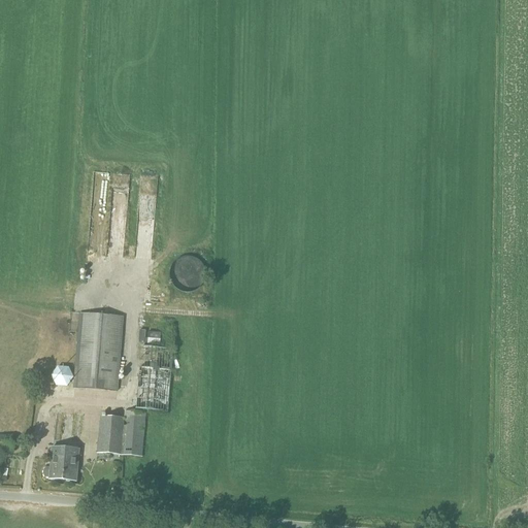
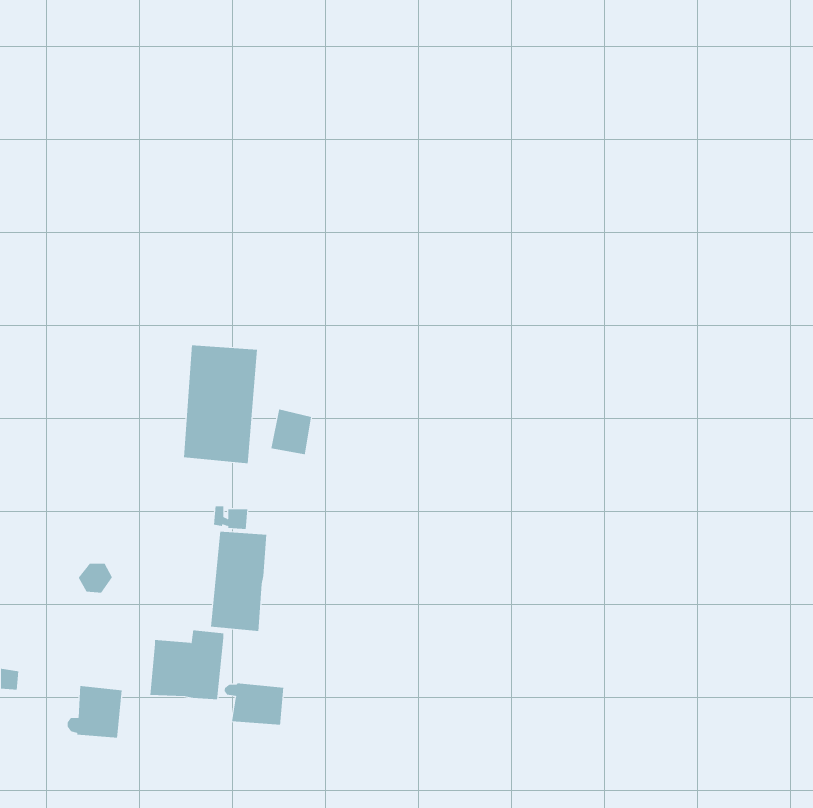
building: [75,311,124,389] -> [183,345,258,464]
building: none -> [224,682,284,726]

